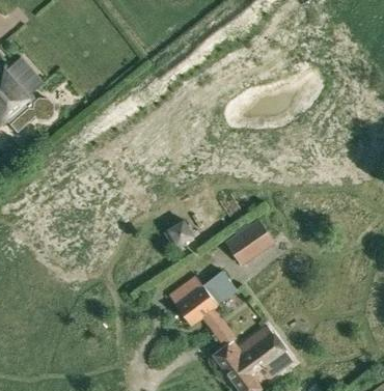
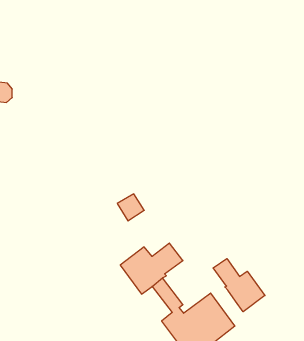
building: [223,219,274,266] -> none
building: none -> [213,259,265,312]

